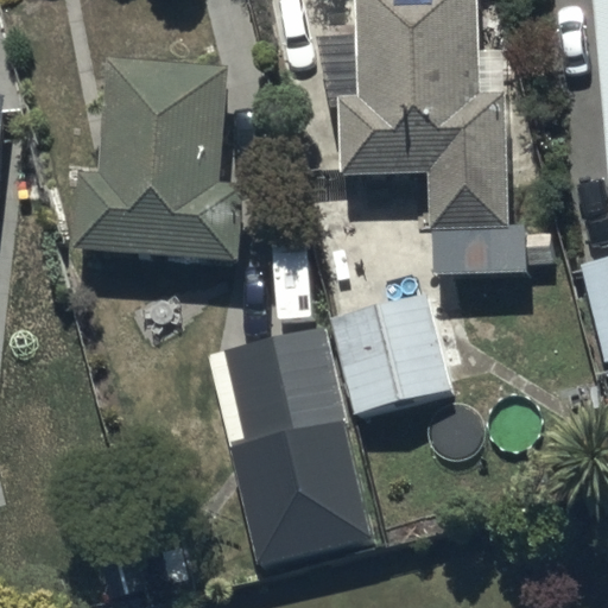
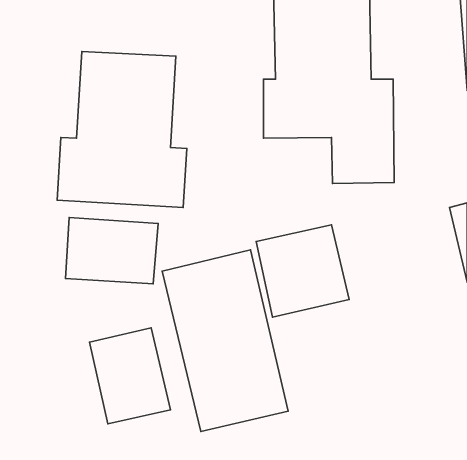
building: none -> [65,218,158,284]
building: none -> [90,328,170,424]

